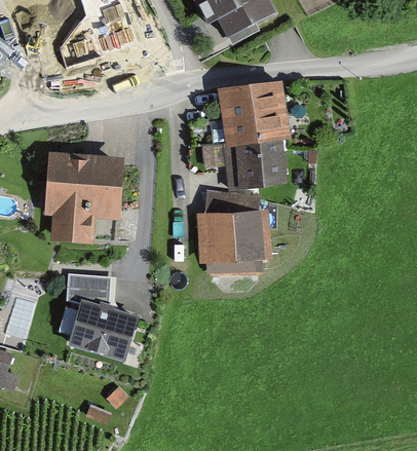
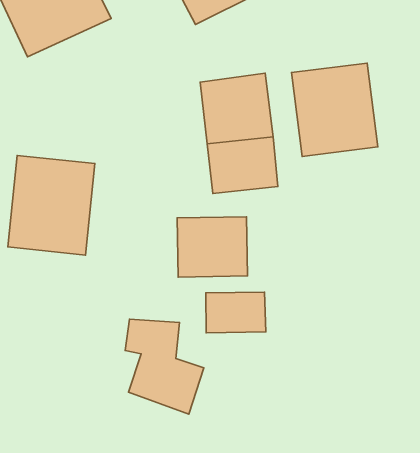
building: none -> [291,63,378,156]
building: [67,271,137,355] -> [125,319,204,414]
building: none -> [206,292,266,333]

